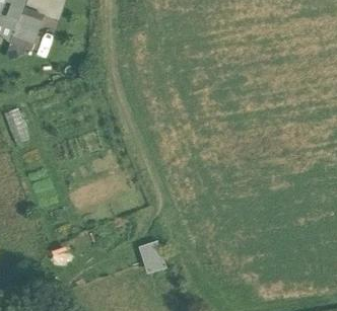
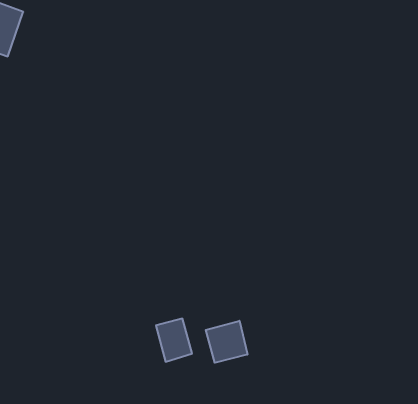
building: none -> [206,321,247,363]

